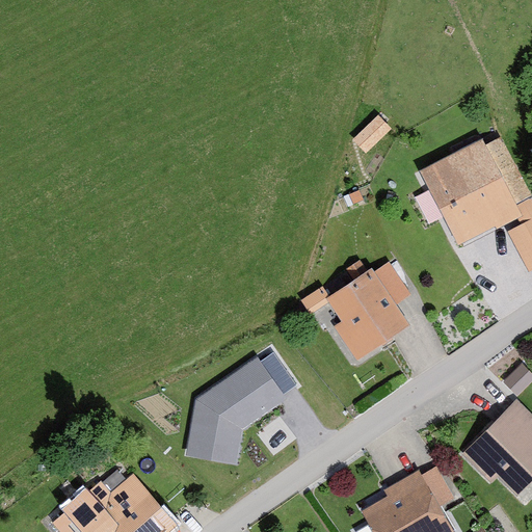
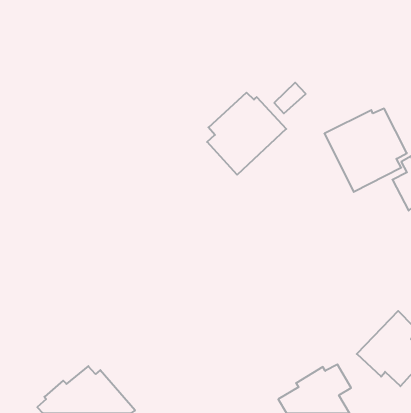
building: none -> [207,93,286,175]
building: [325,263,409,363] -> none
building: [191,352,298,461] -> none

